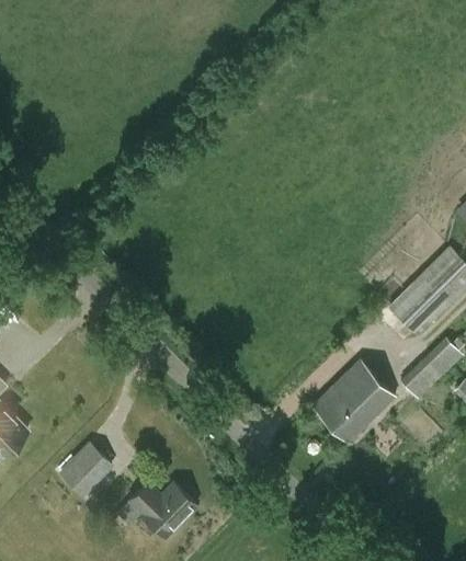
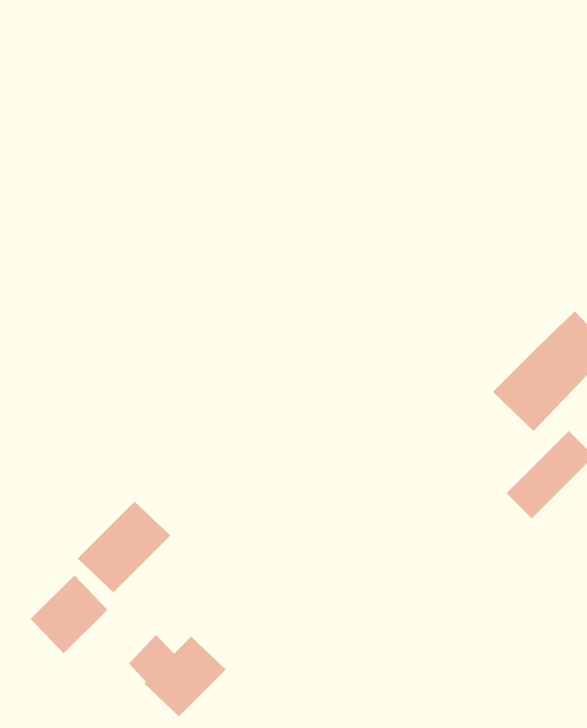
building: [311,360,396,445] -> none
building: none -> [77,501,171,593]

